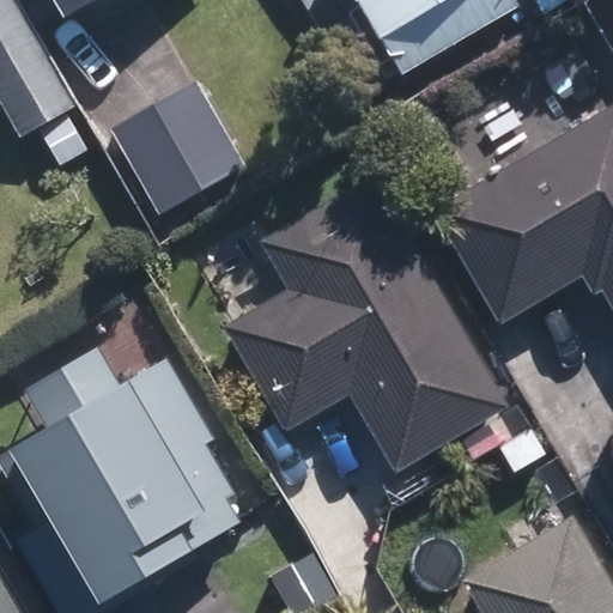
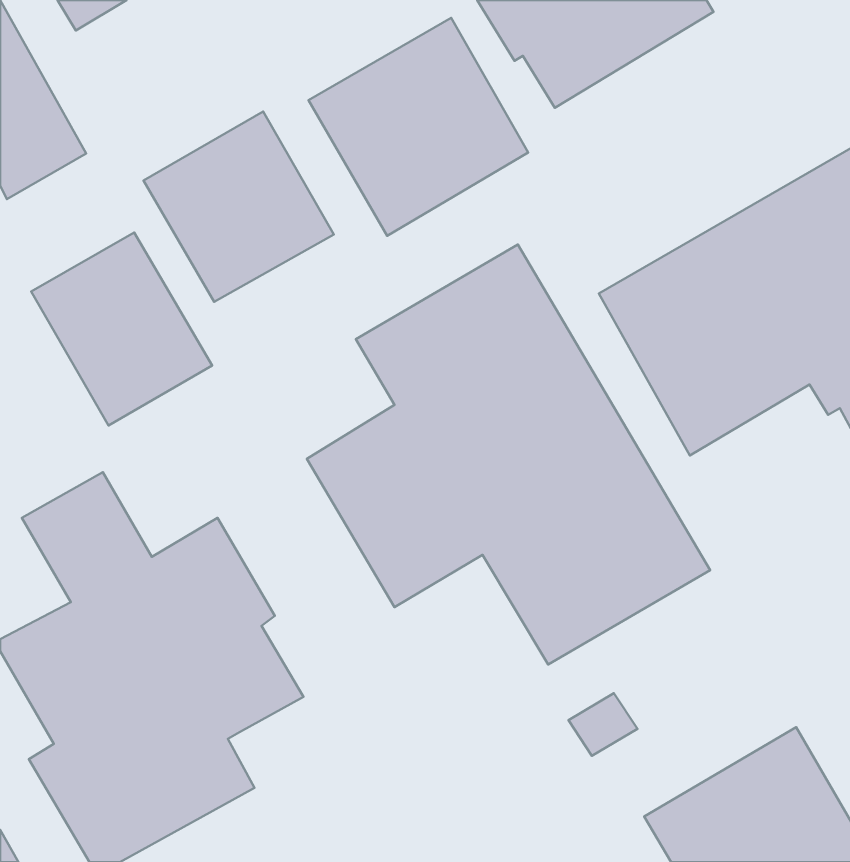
building: none -> [308,18,528,236]
building: none -> [31,233,212,426]

